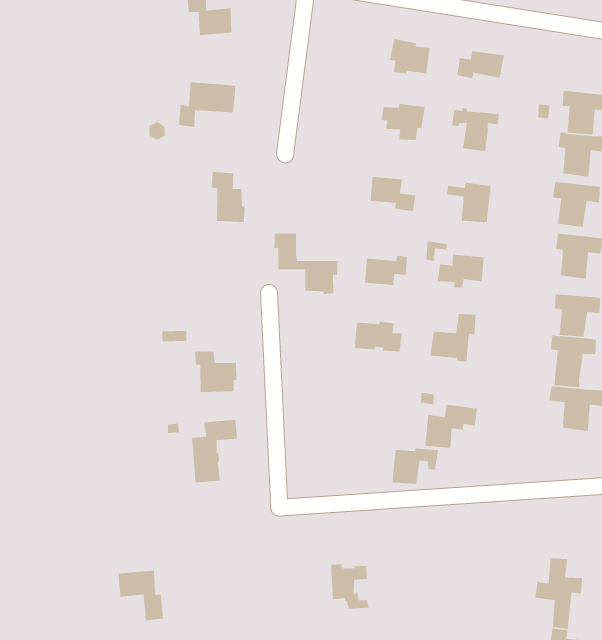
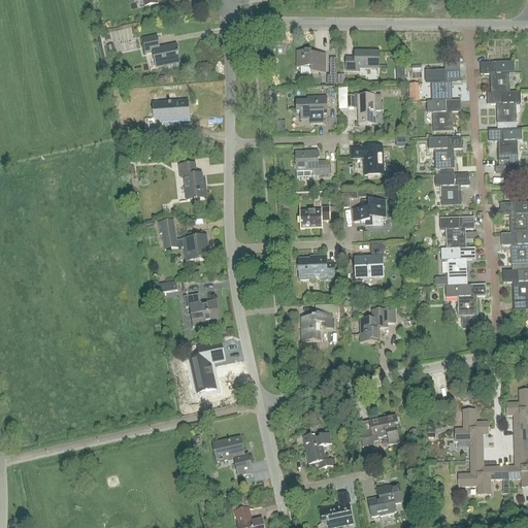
building: [273,233,339,295] -> [158,219,208,261]
building: [392,448,439,485] -> [300,311,332,340]
building: none -> [361,415,399,447]
building: [118,570,164,621] -> [213,436,252,474]

